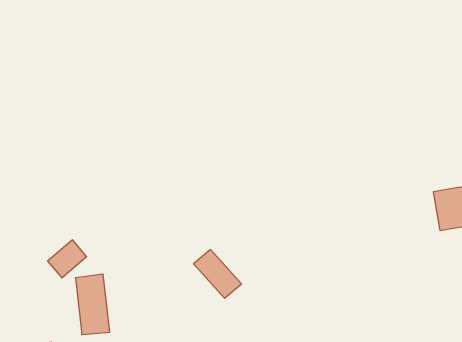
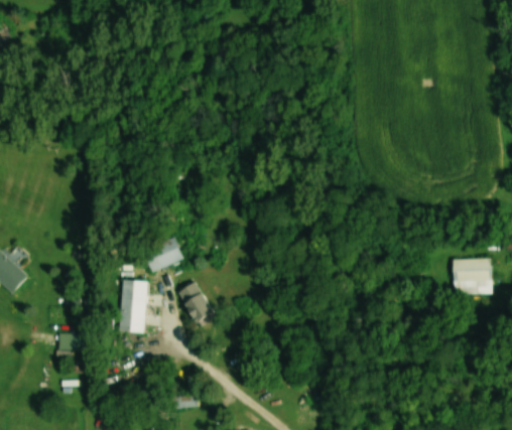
building: [48,240,87,278] -> [148,240,183,272]
building: [194,250,241,298] -> [177,282,217,327]

